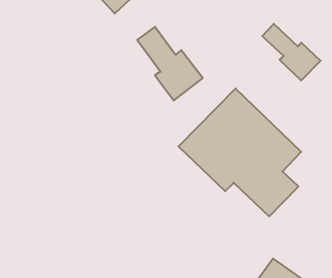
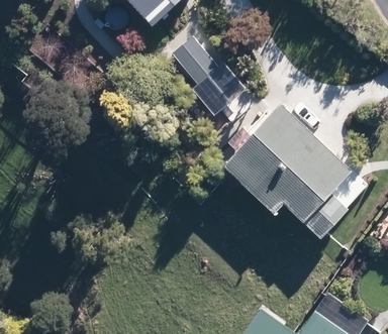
building: [262,24,321,81] -> none

